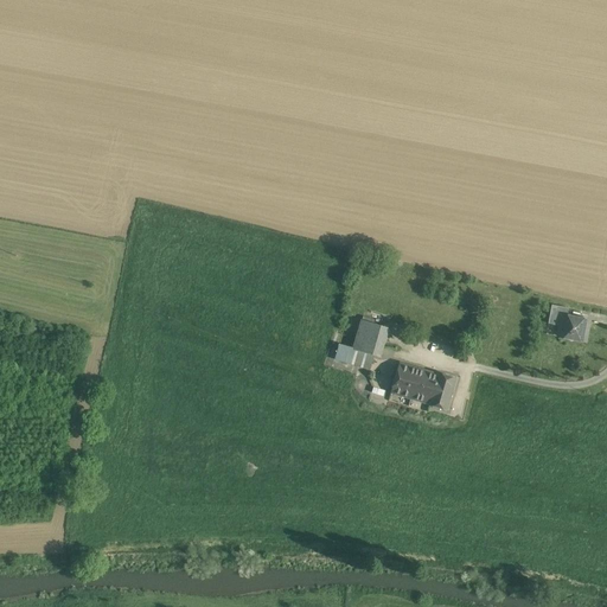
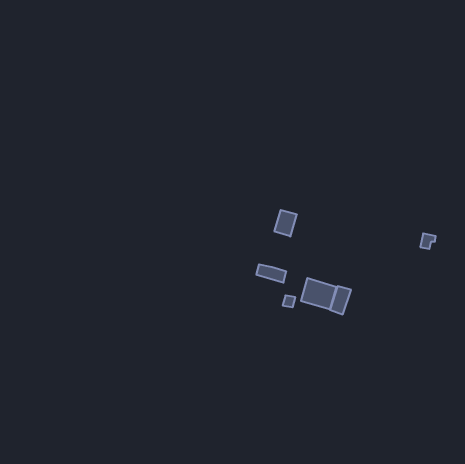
building: [556,314,588,340] -> none
building: [353,320,383,354] -> [274,210,297,236]

